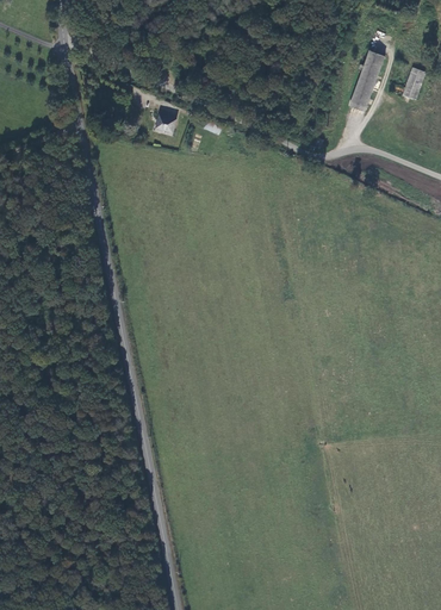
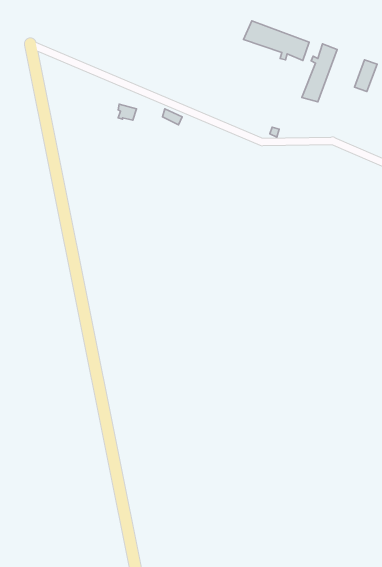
building: none -> [243,21,309,61]

